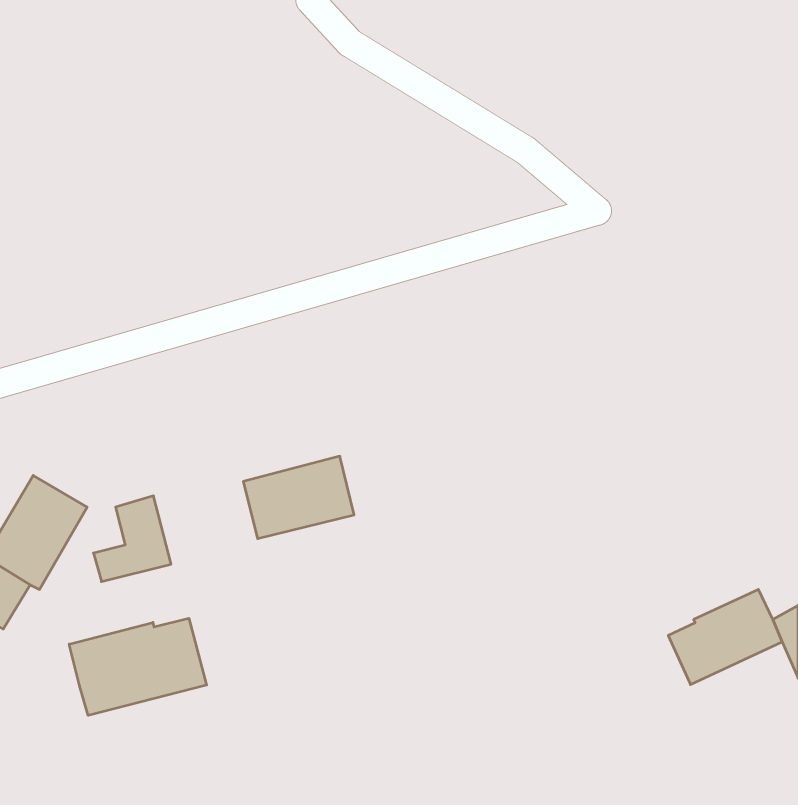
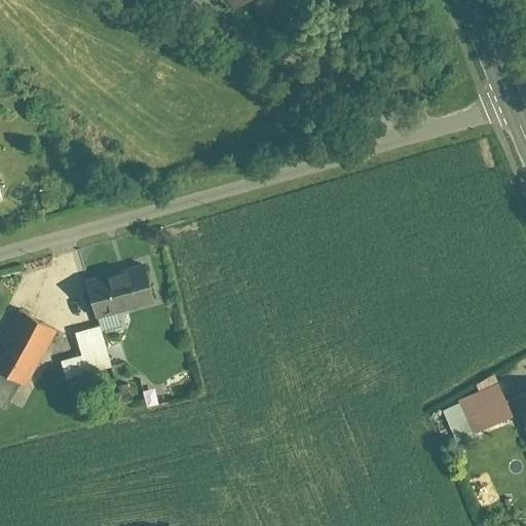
building: [243,456,354,539] -> [86,264,158,317]
building: [69,618,207,715] -> none

